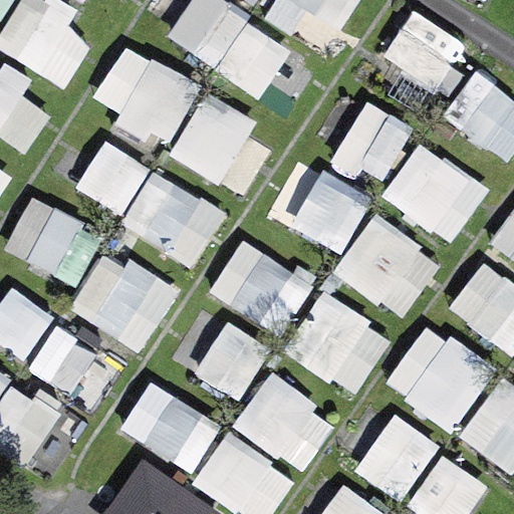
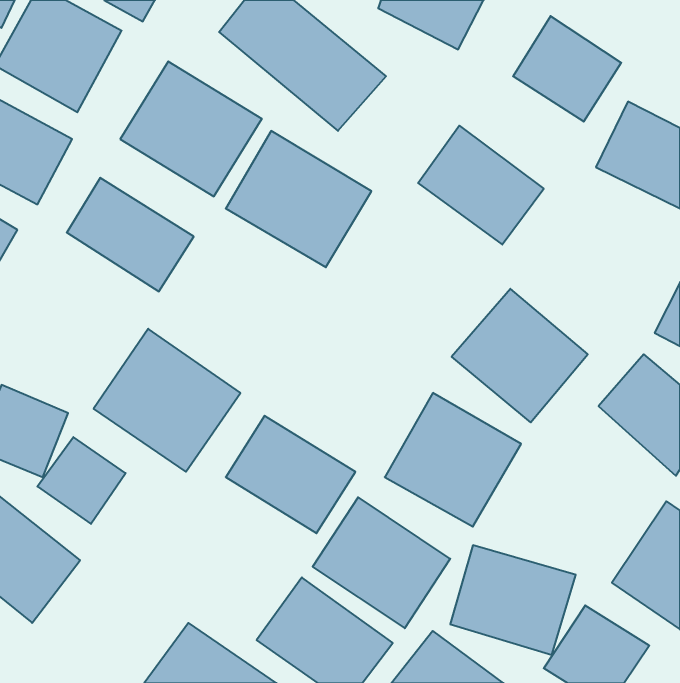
building: [387,146,490,243] -> none
building: [122,173,225,267] -> none
building: [290,173,369,252] -> none
building: [4,201,99,289] -> none
building: [214,242,312,329] -> none
building: [386,326,493,432] -> none
building: [120,383,218,473] -> none

